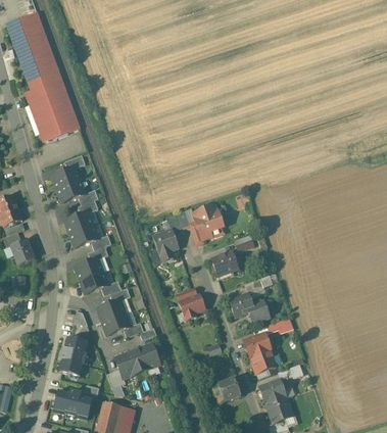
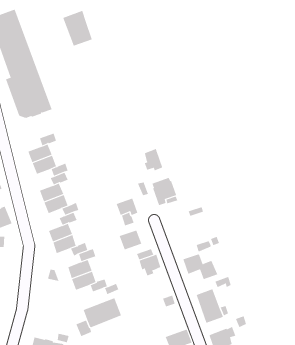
building: none -> [62,10,93,47]
building: none -> [144,148,163,171]
building: [211,251,238,275] -> [119,230,142,250]
building: [59,336,89,376] -> none

